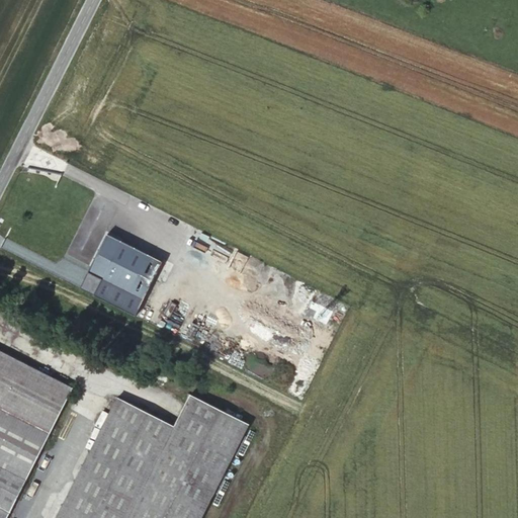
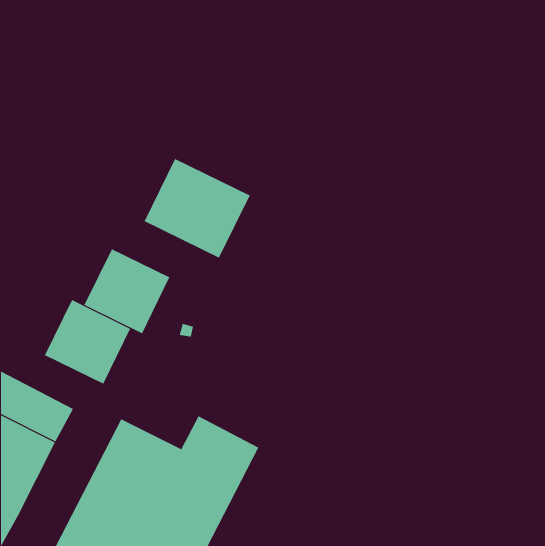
building: none -> [144,158,250,259]
building: none -> [44,299,131,385]

